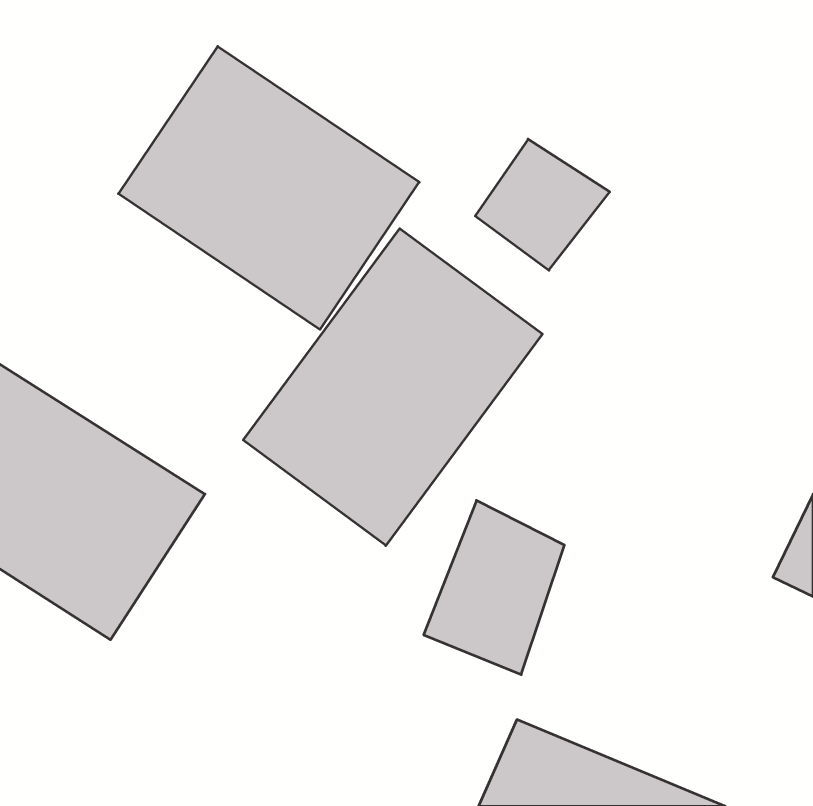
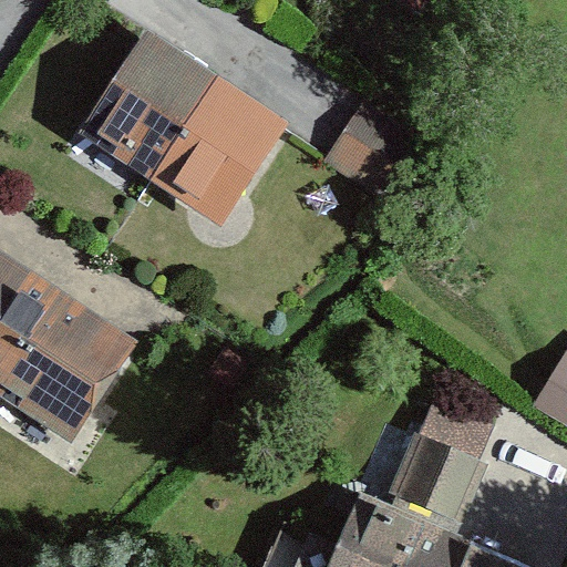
building: [243,229,542,546] -> none
building: [424,500,564,675] -> [393,389,491,509]

